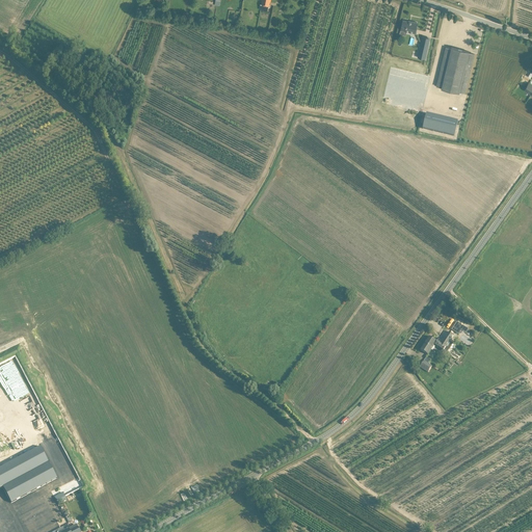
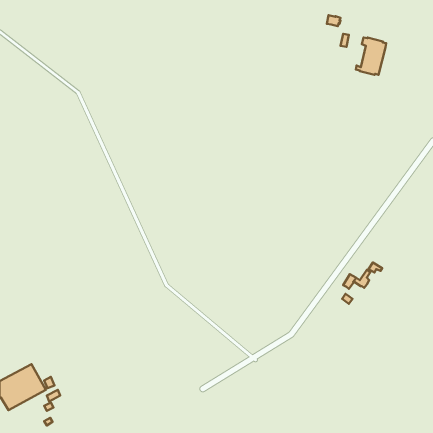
building: [422,112,457,135] -> none

